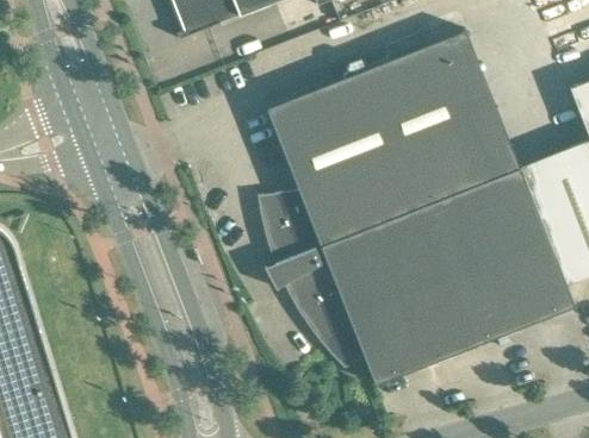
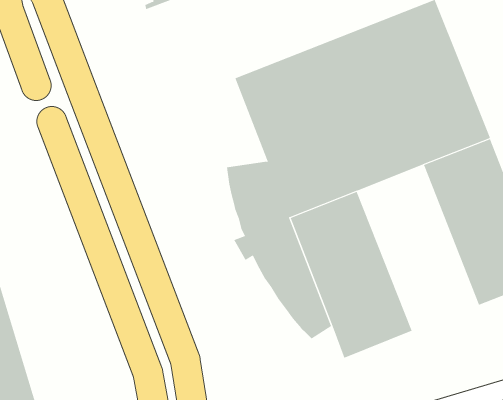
building: [388,193,508,357] -> none

